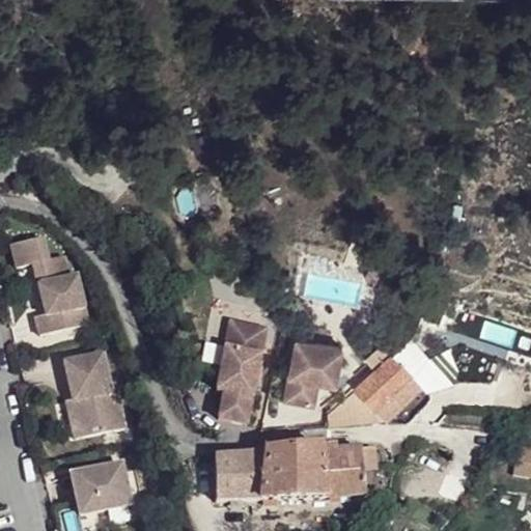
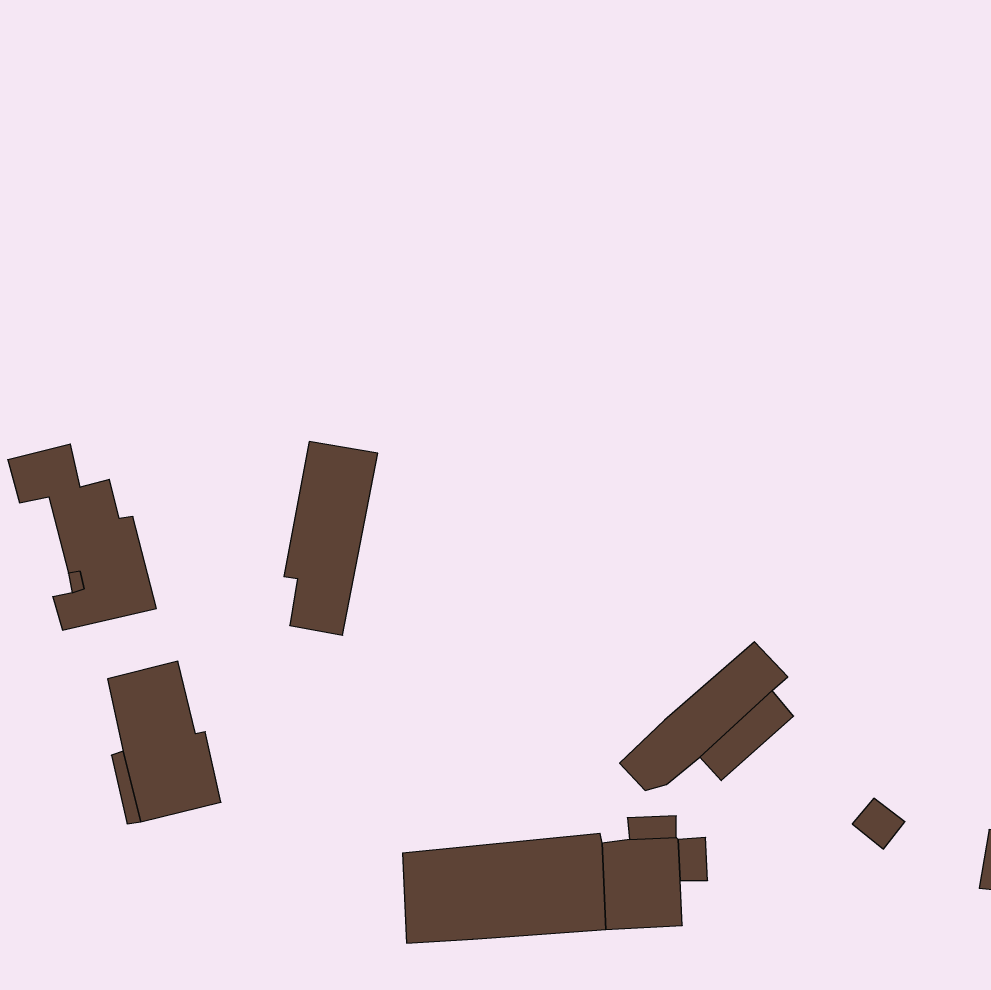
building: [220,317,270,420] -> [284,442,378,635]
building: [288,334,345,399] -> none
building: [66,463,127,513] -> none

